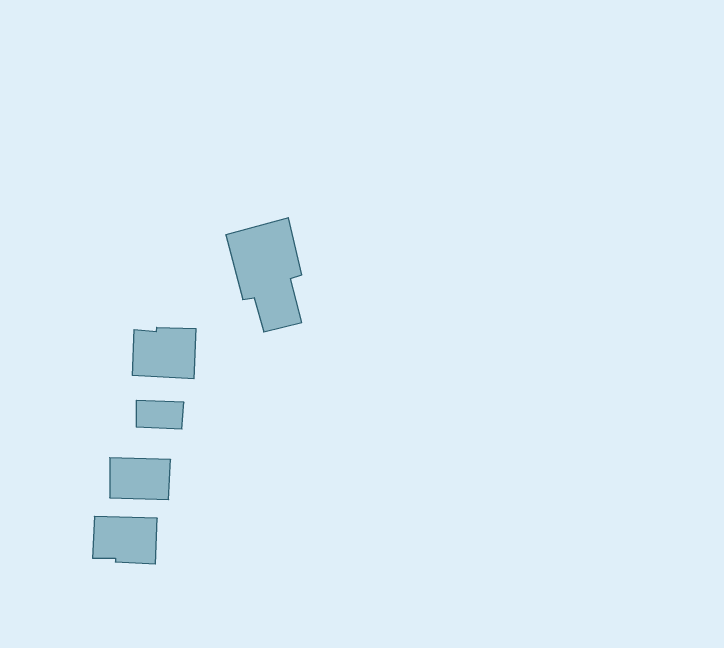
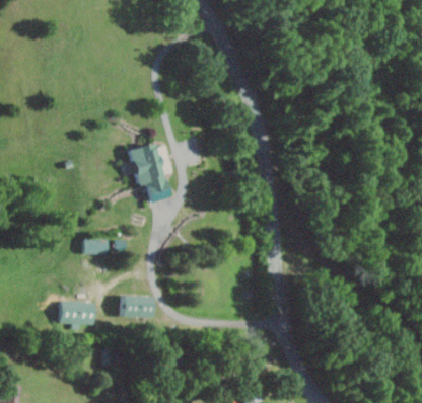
building: [132,327,196,379] -> none
building: [110,458,171,500] -> [120,296,152,318]

